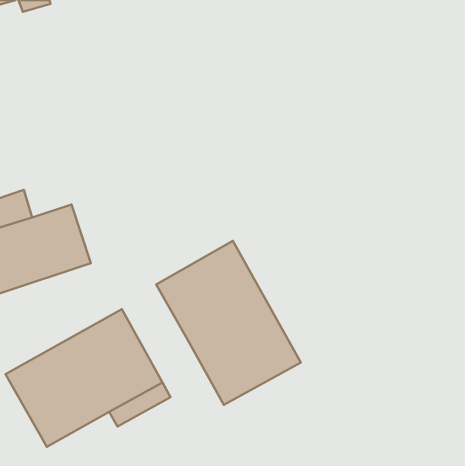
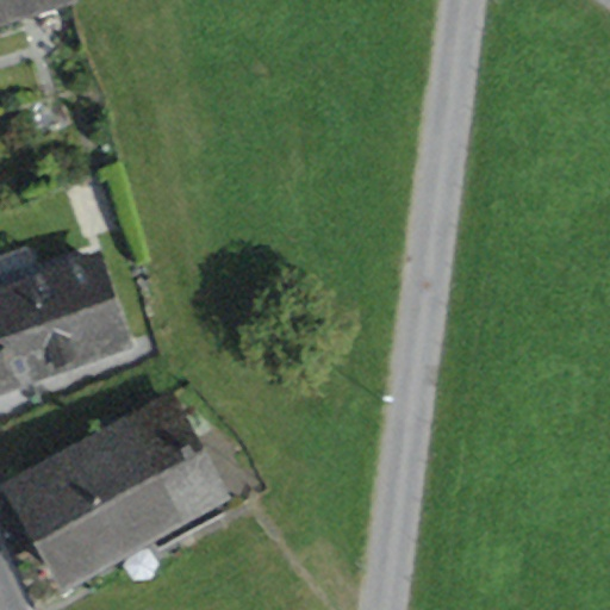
building: [156,241,301,405] -> none

